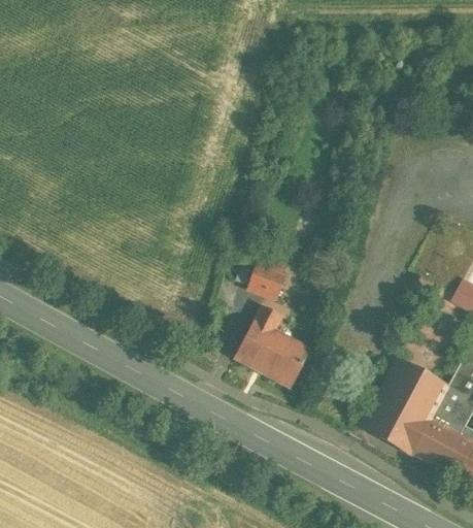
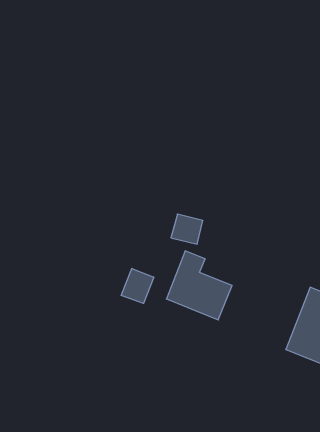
building: none -> [121,268,154,303]

